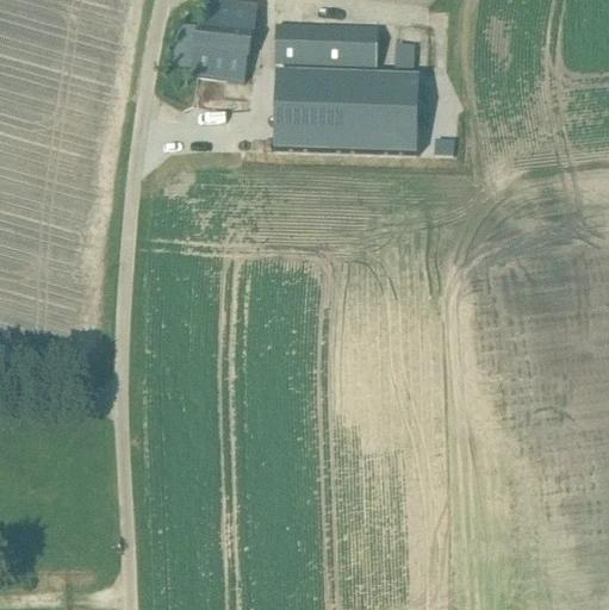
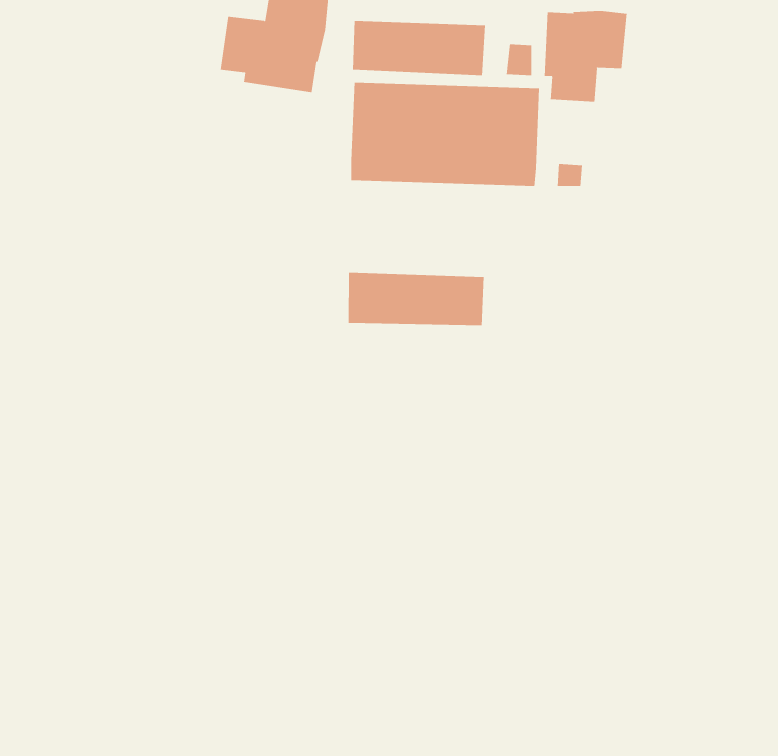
building: none -> [544,10,627,102]
building: none -> [348,272,484,326]

